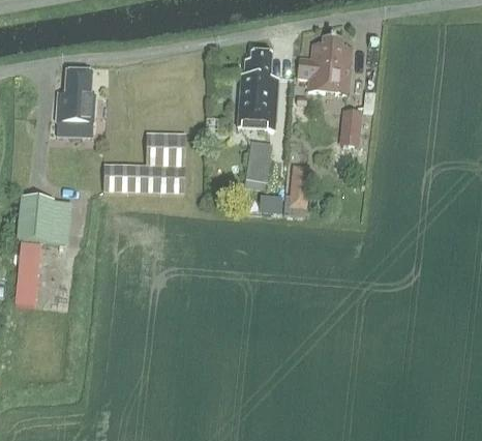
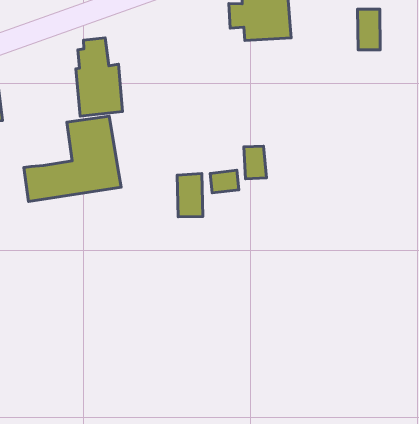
building: [237,52,276,117] -> [76,38,123,116]
building: [340,106,364,143] -> [357,9,380,50]
building: [244,142,270,180] -> [177,173,203,217]

